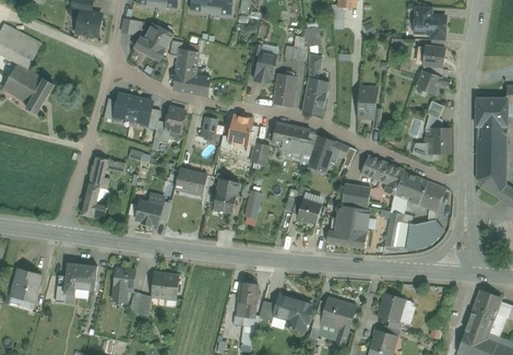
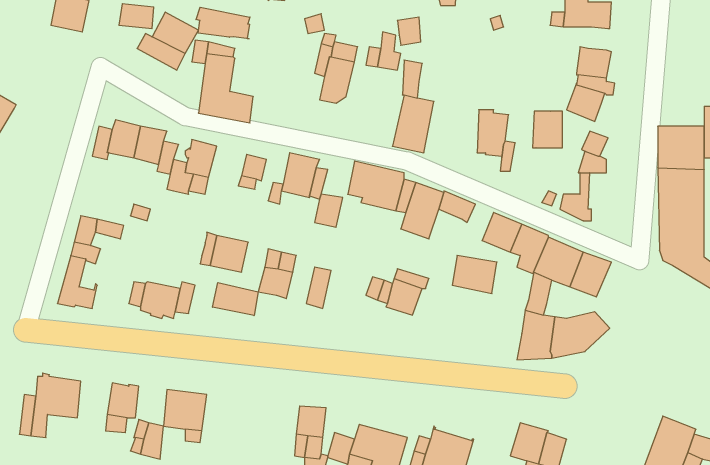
building: none -> [196,7,250,39]
building: [272,73,297,107] -> none
building: [430,129,450,153] -> [533,111,562,148]
building: none -> [213,283,258,316]
building: [325,204,368,248] -> none

